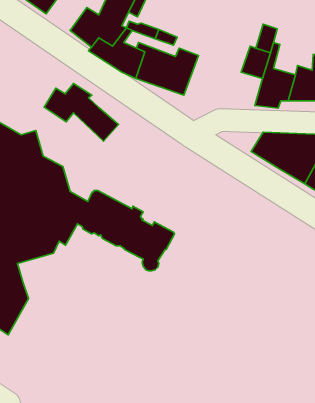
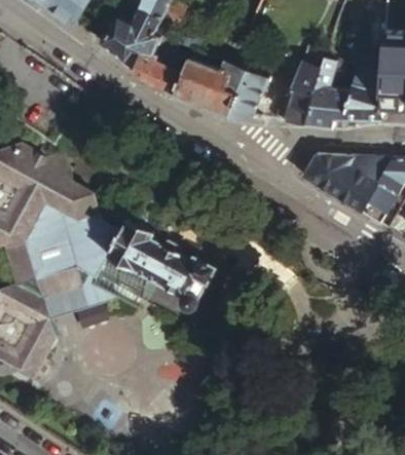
building: none -> [225,66,268,116]
building: none -> [275,84,312,123]
building: [44,84,119,141] -> none
building: none -> [40,255,154,319]

